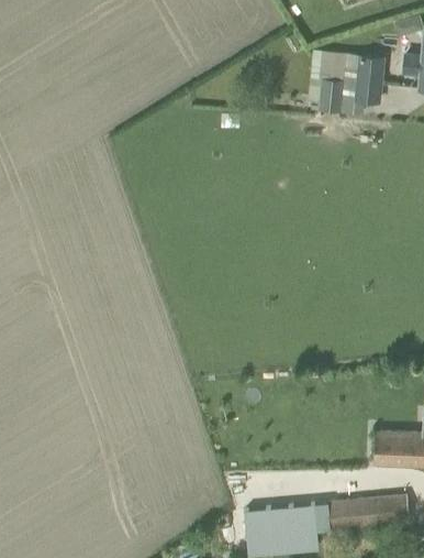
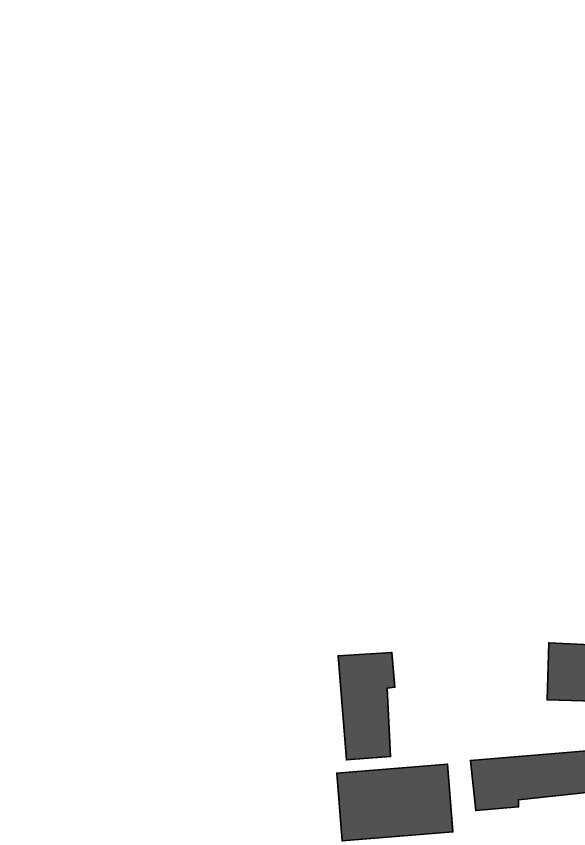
building: [310,51,383,114] -> none
building: none -> [338,653,395,760]

